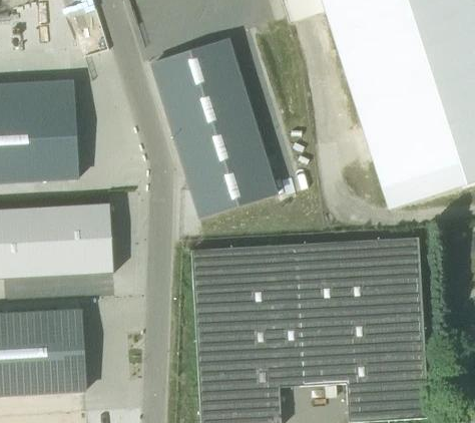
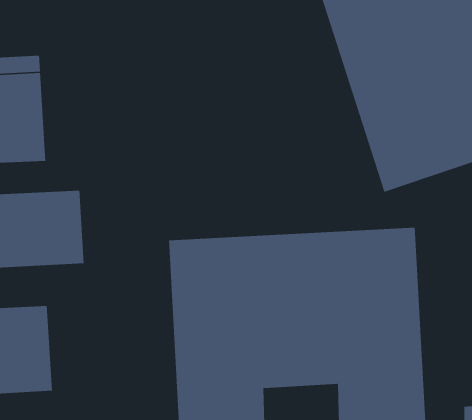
building: [150,39,276,218] -> none

